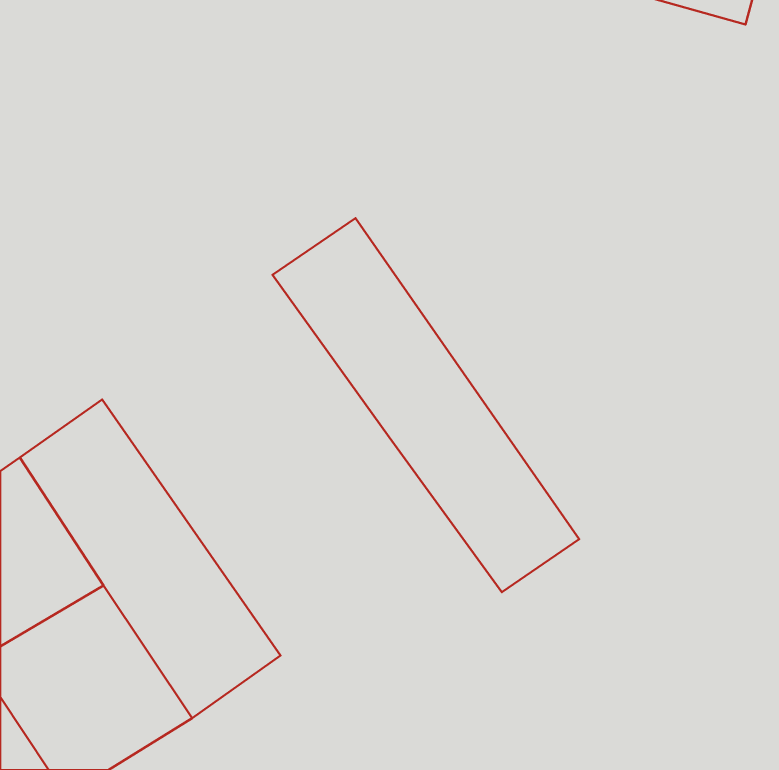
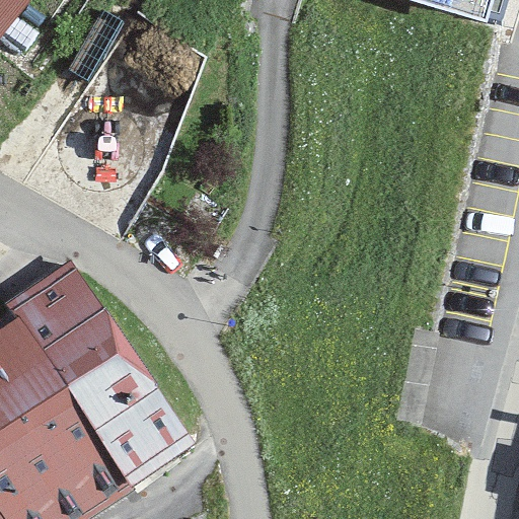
building: [272,218,579,592] -> none

